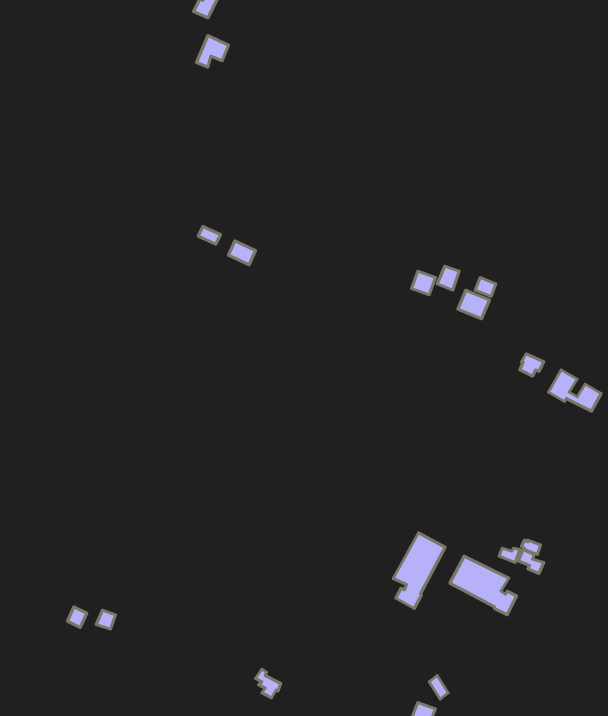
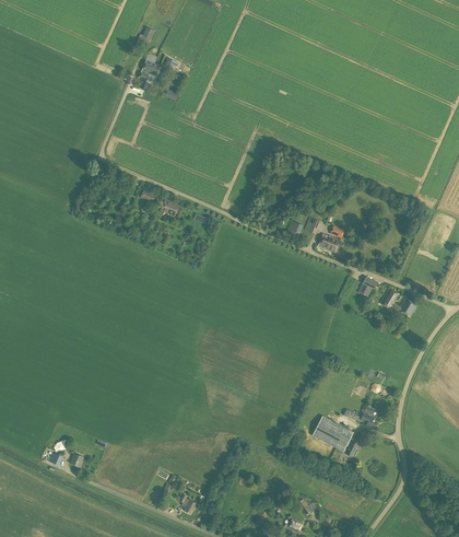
building: [393,533,445,608] -> none

